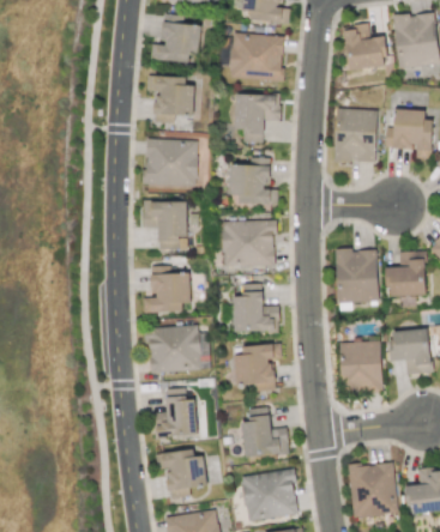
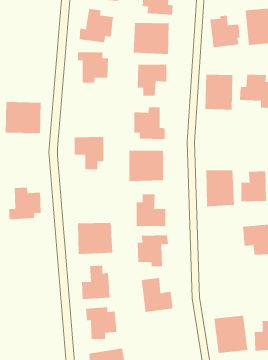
building: [144,139,198,186] -> [5,102,42,134]
building: [141,265,191,313] -> [8,187,42,220]
building: [339,341,382,392] -> none
building: [241,468,297,521] -> none

